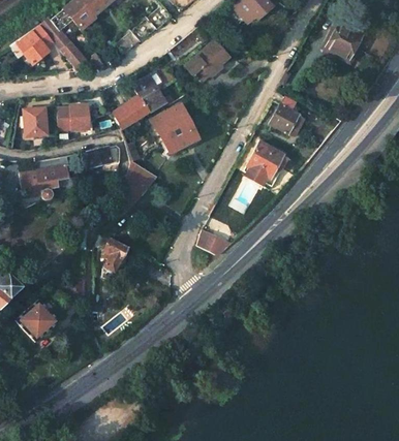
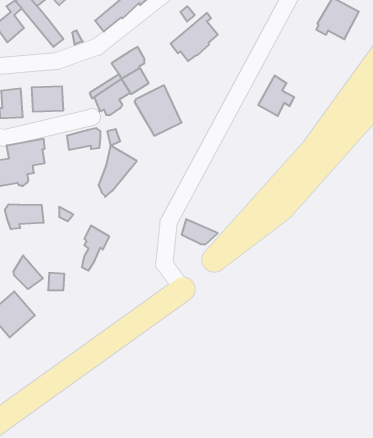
building: [244,141,288,188] -> none
building: none -> [5,204,43,229]
building: none -> [14,255,43,289]

